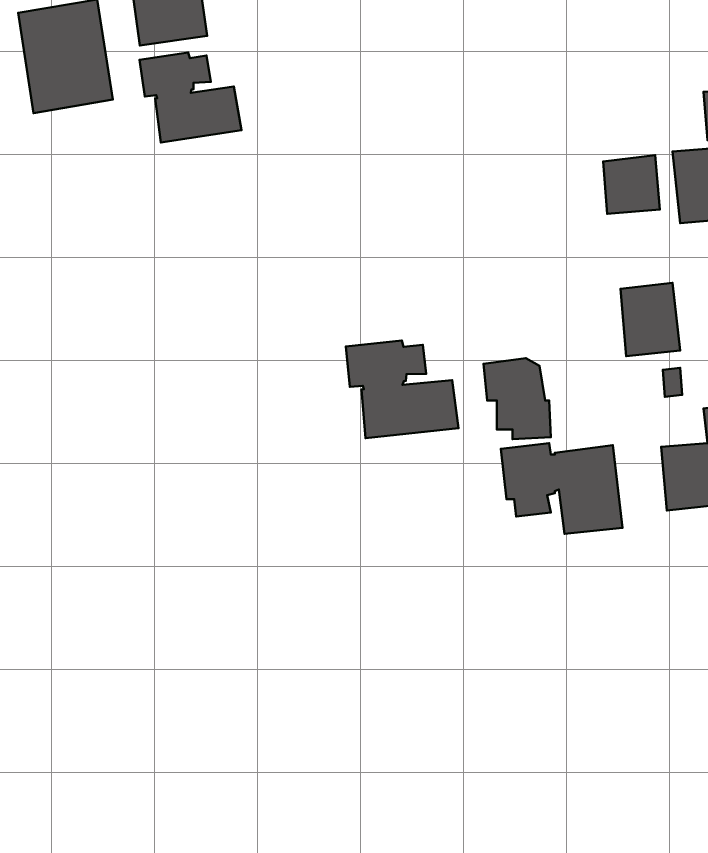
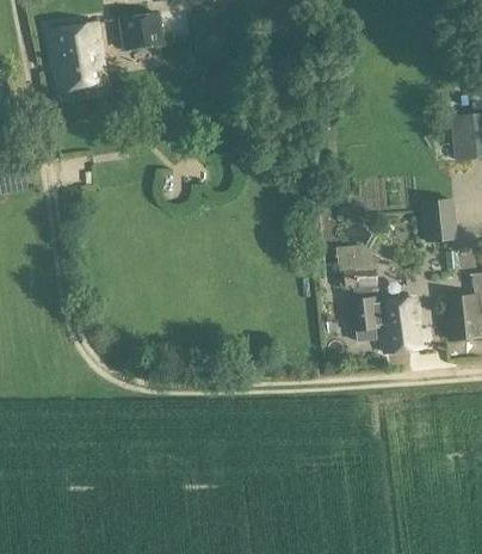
building: [139,53,241,142] -> none
building: [603,155,660,214] -> none
building: [346,341,458,438] -> none

